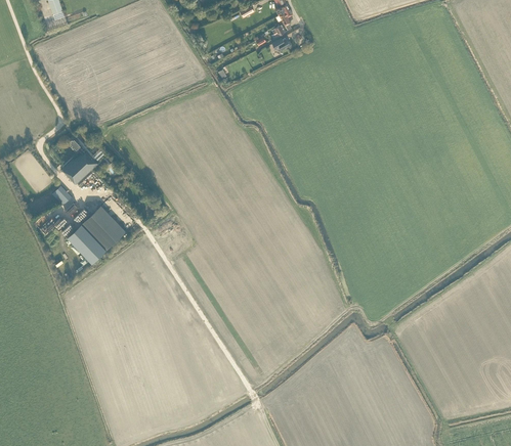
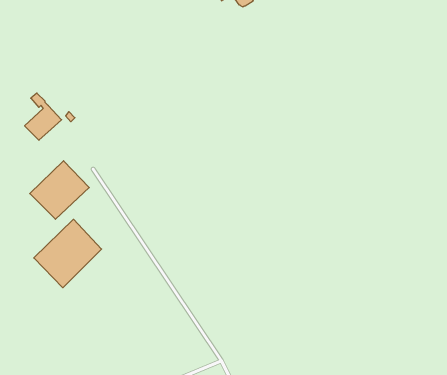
building: none -> [34,219,102,288]

